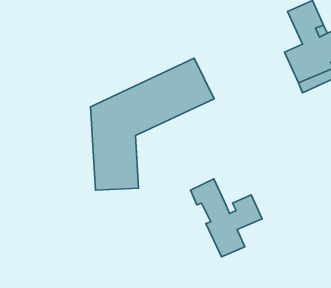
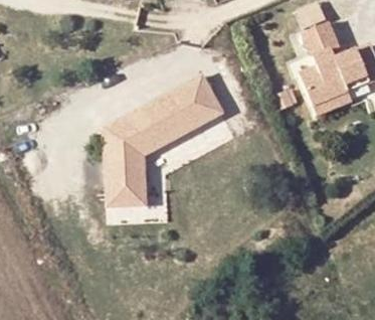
building: [191,179,262,257] -> none

